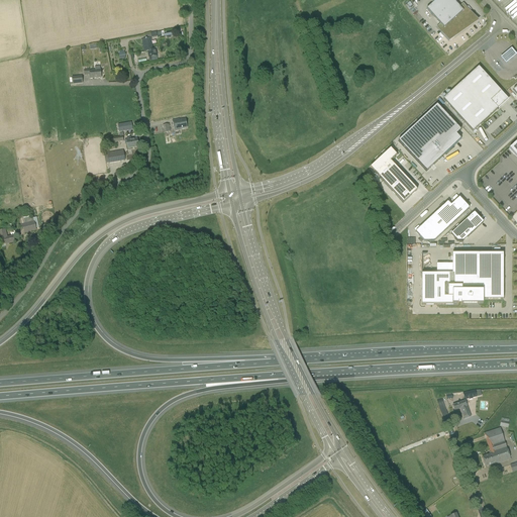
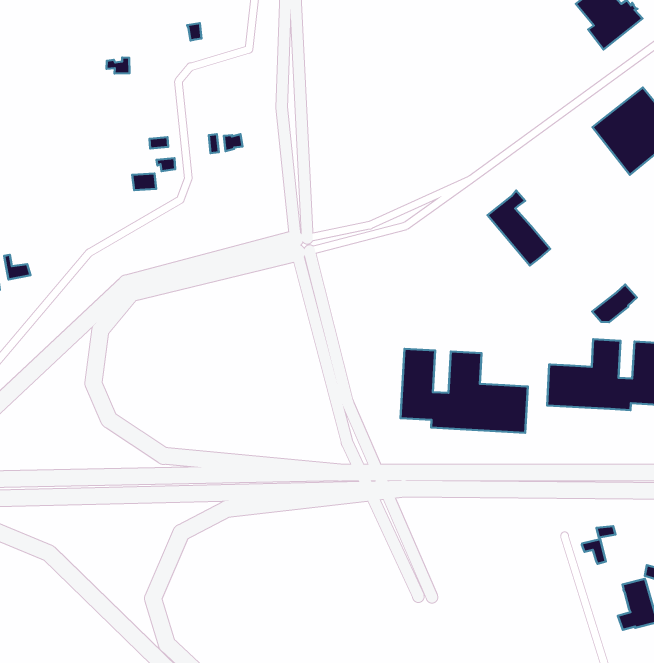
building: [398,102,460,169] -> none
building: [415,195,470,238] -> none
building: none -> [401,349,528,433]

